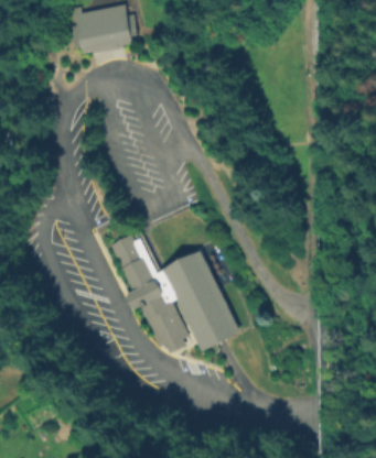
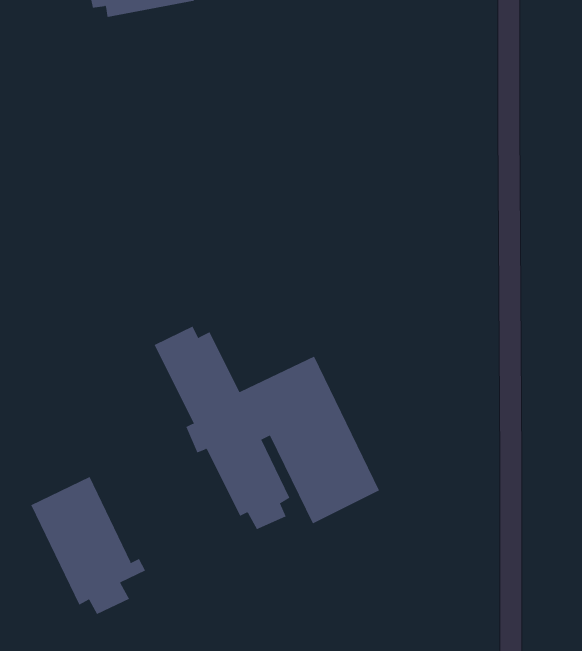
building: none -> [30,476,146,615]

